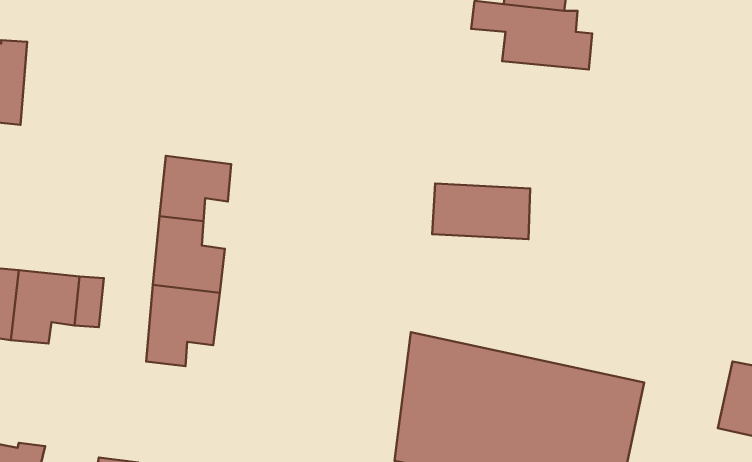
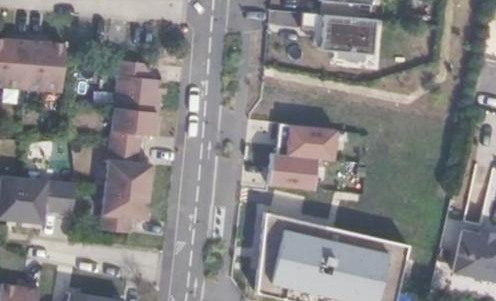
building: none -> [25,37,66,91]
building: none -> [114,60,160,112]
building: none -> [269,154,317,189]

